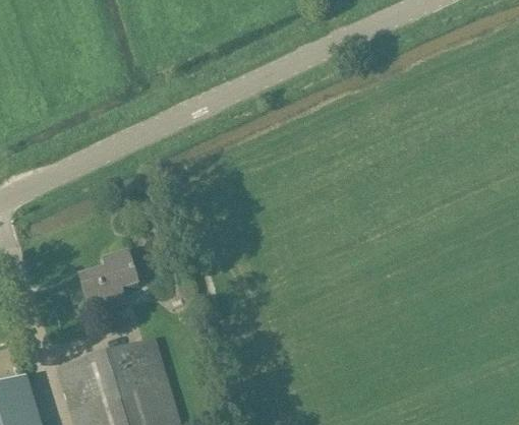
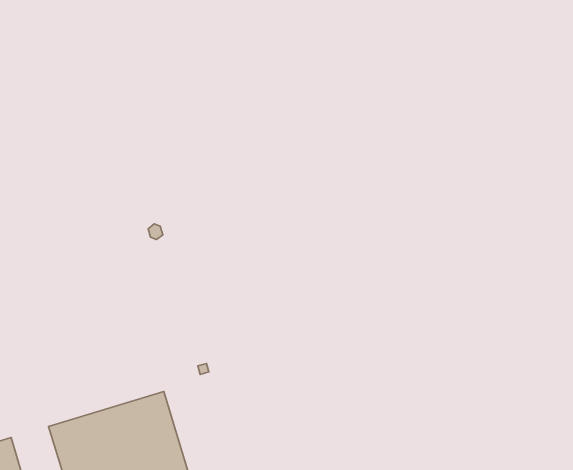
building: [79,249,137,309] -> none

